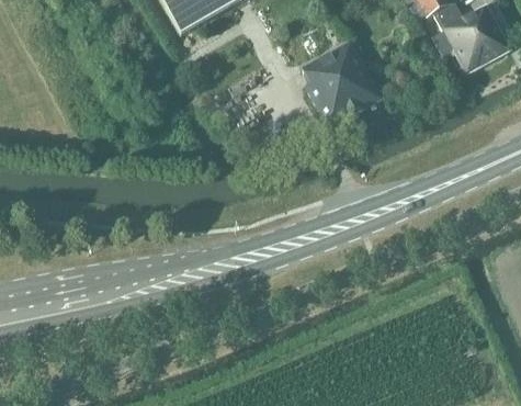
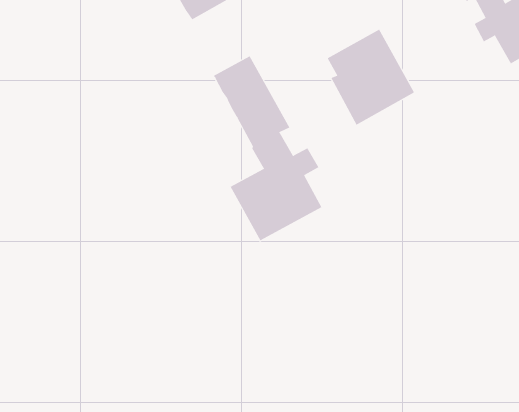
building: none -> [213,55,322,241]

